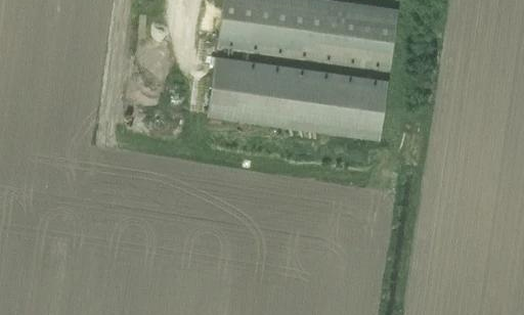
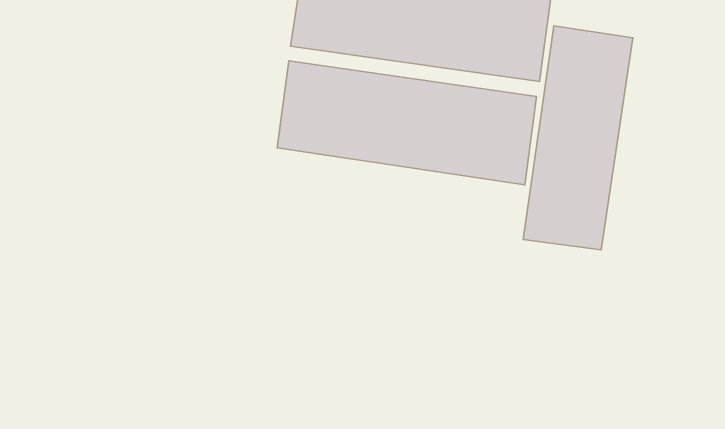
building: none -> [523,26,633,250]

